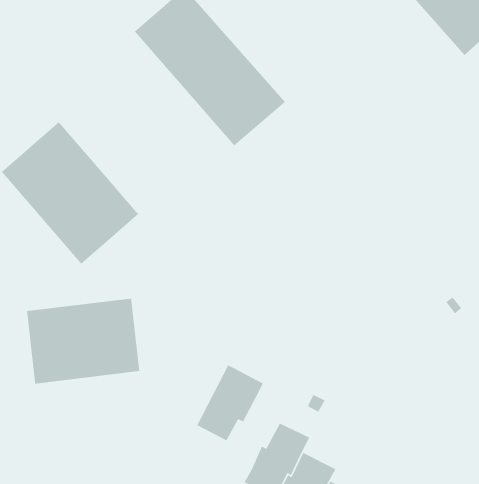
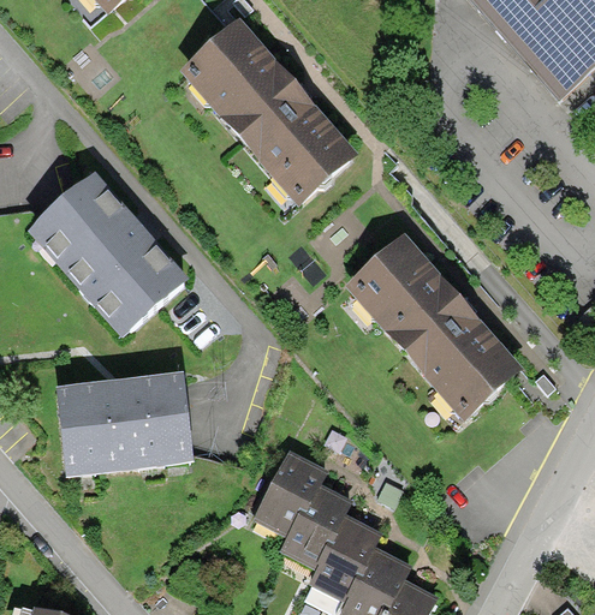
building: none -> [343,231,520,419]
building: none -> [280,484,355,567]

